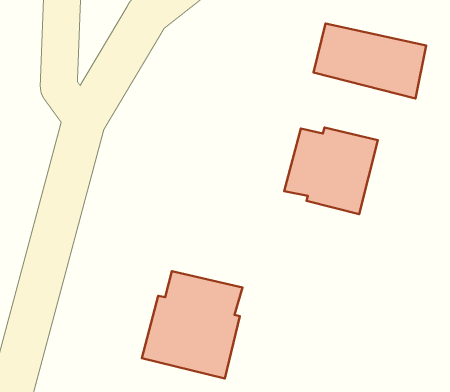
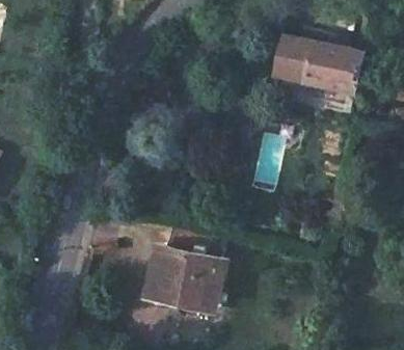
building: [284,128,378,214] -> none

